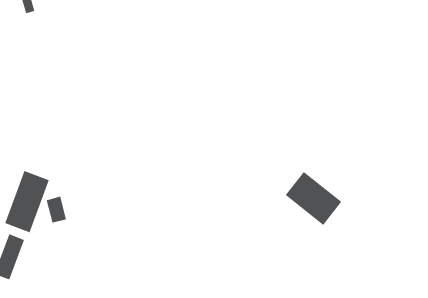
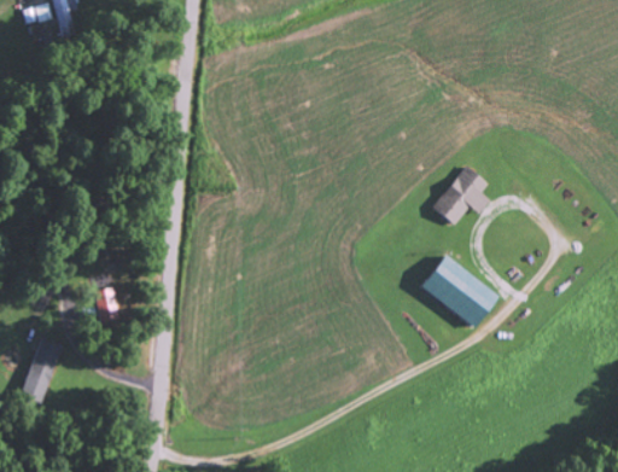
building: none -> [433,164,491,225]
building: [4,170,50,233] -> none

